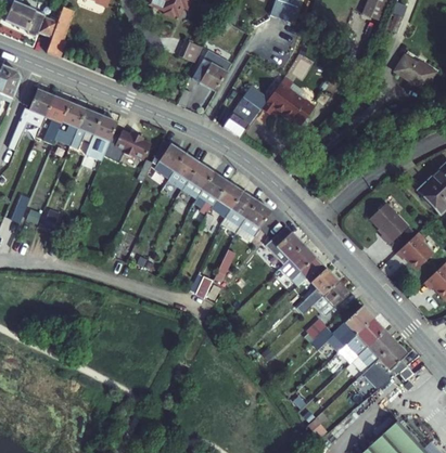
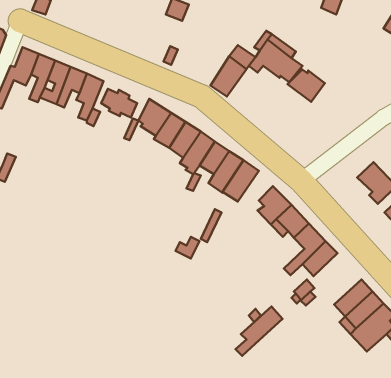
building: [192,50,231,91] -> none
building: none -> [287,70,325,102]
building: [327,307,373,355] -> [236,307,283,356]

